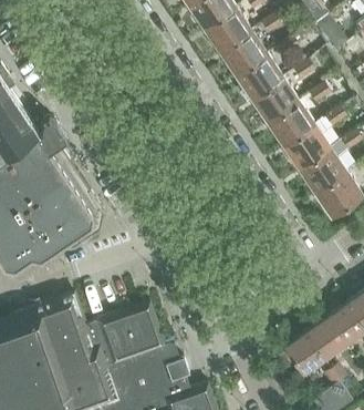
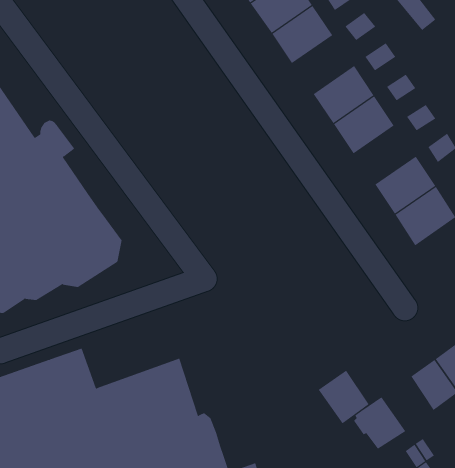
building: [236,53,284,99] -> none
building: [283,123,332,168] -> none
building: [305,317,345,359] -> [318,370,369,424]

